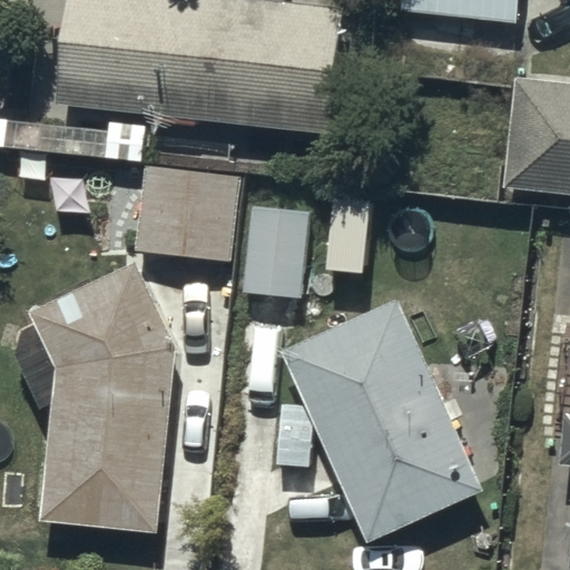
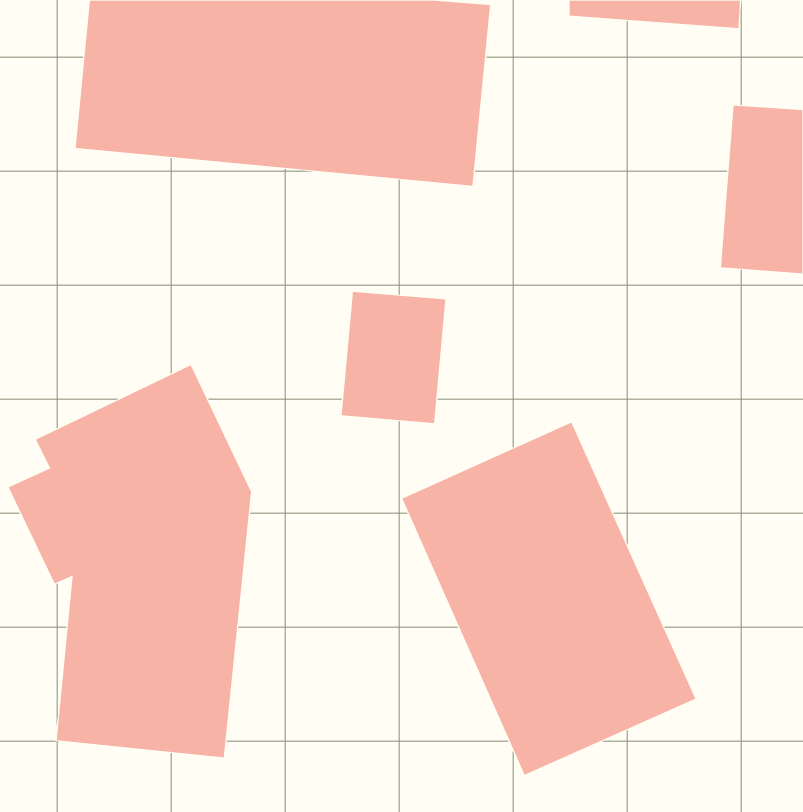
building: [130,167,238,261] -> none

